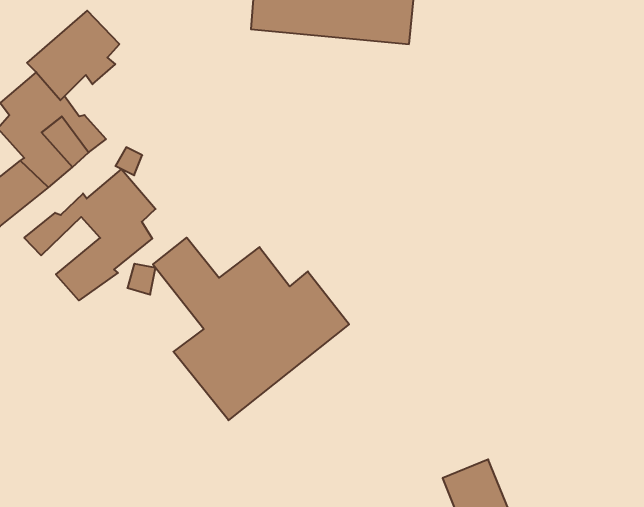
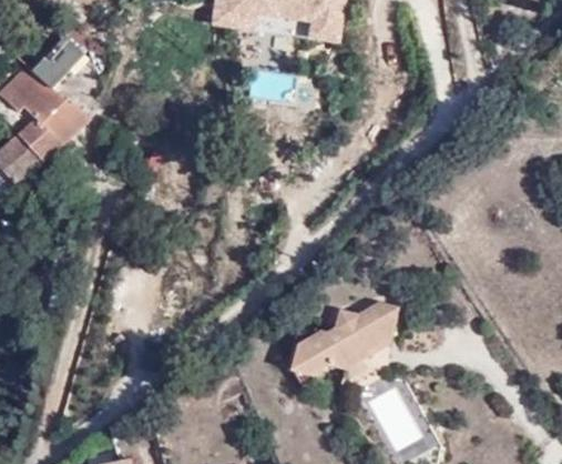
building: [24,169,156,300] -> none
building: [153,238,349,420] -> none
building: none -> [285,300,403,377]

